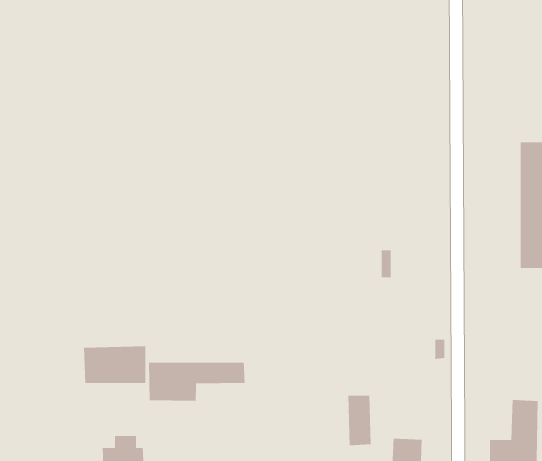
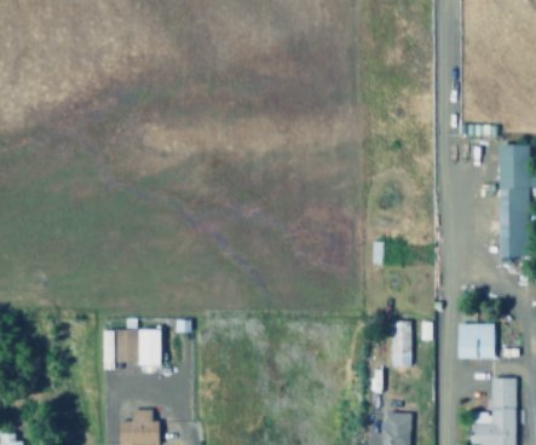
building: none -> [459,324,495,359]
building: [149,362,245,401] -> none
building: [348,395,372,446] -> [391,322,413,368]

